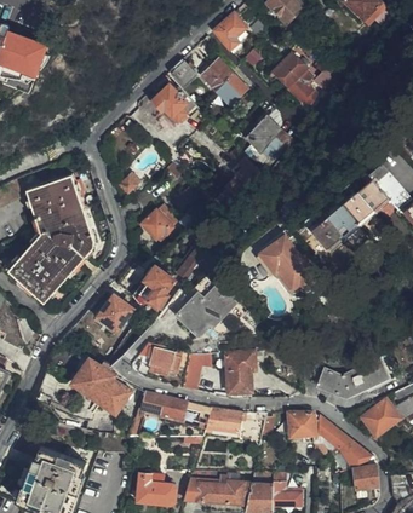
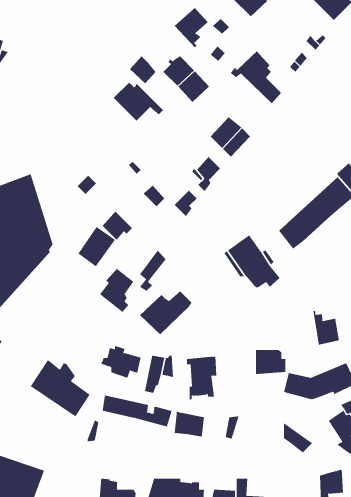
building: [94,294,132,334] -> [77,226,116,267]
building: none -> [313,310,339,346]
building: [287,411,317,436] -> [255,350,286,375]
building: [337,438,368,469] -> none

